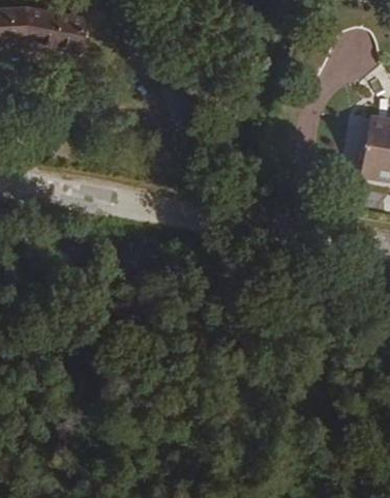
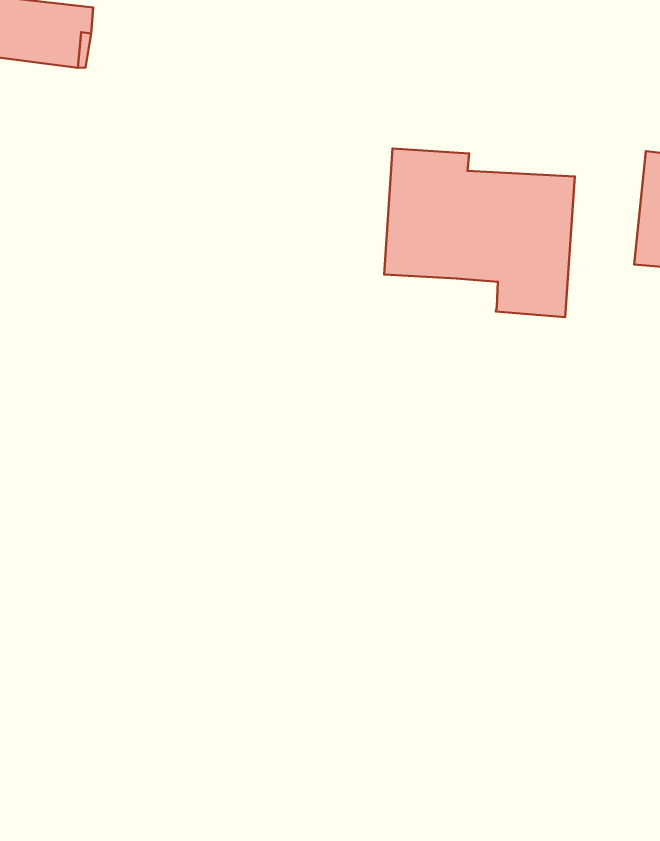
building: none -> [384,148,575,317]

